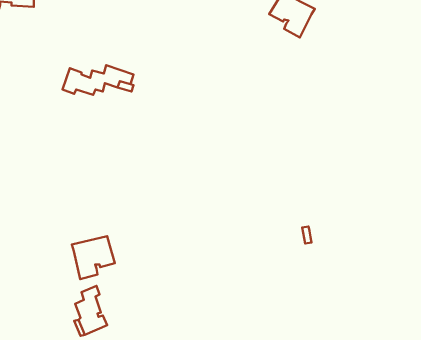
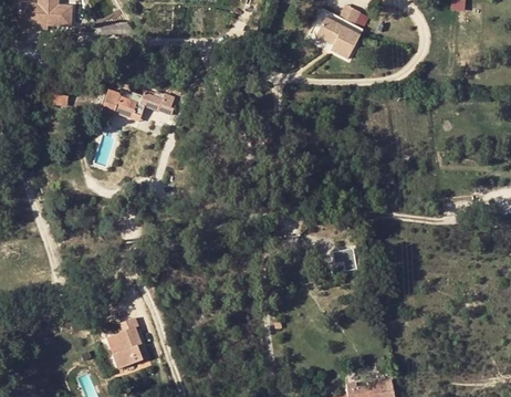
building: [72,236,115,279] -> none

